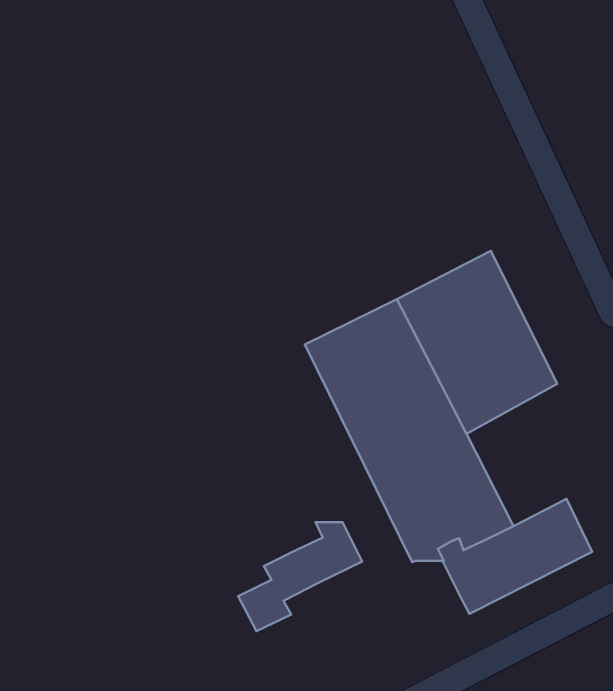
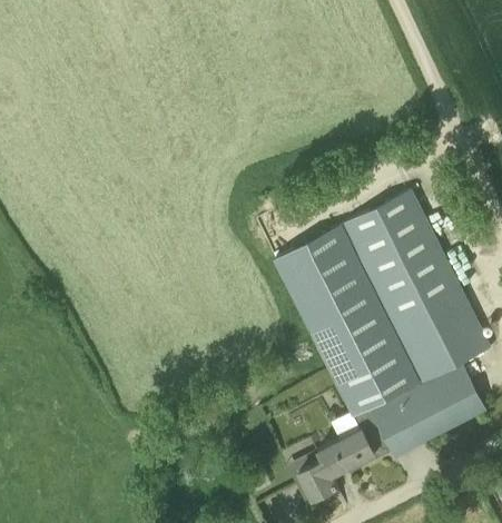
building: none -> [393,288,490,393]
building: [238,522,362,631] -> [298,418,390,499]

